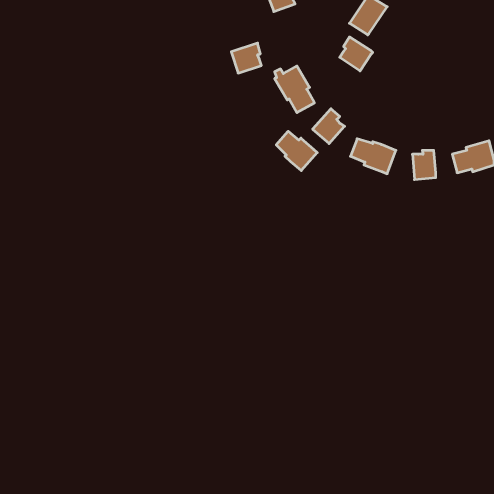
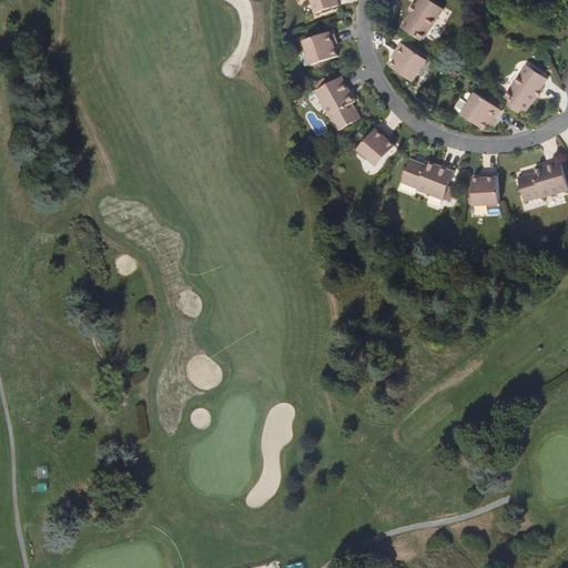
building: [231,43,261,73] -> [302,30,336,64]
building: none -> [504,63,546,111]
building: none -> [459,92,499,129]
building: [276,131,317,171] -> none

